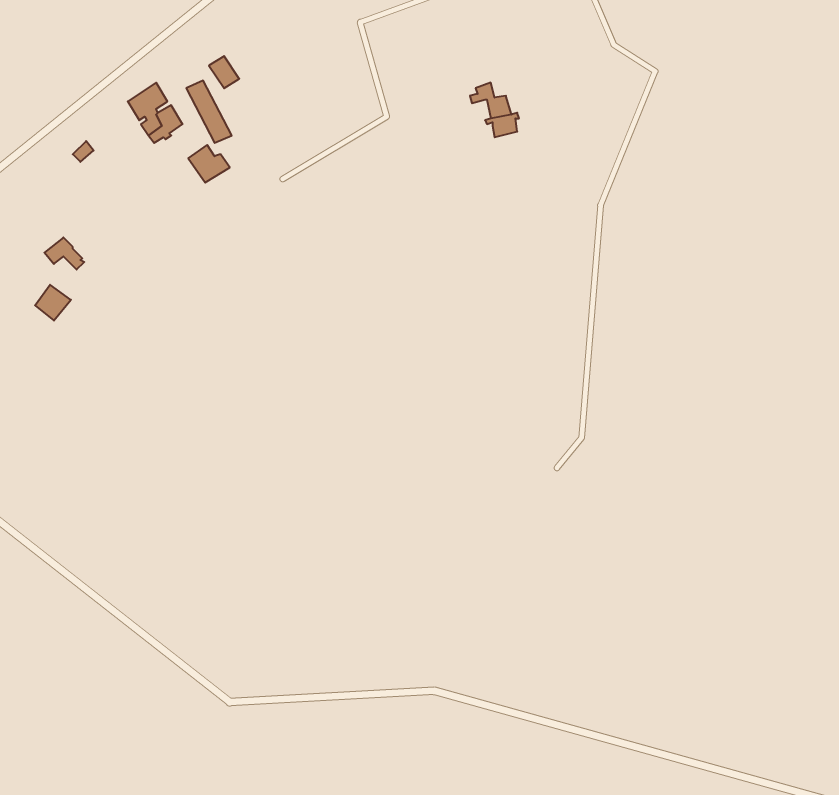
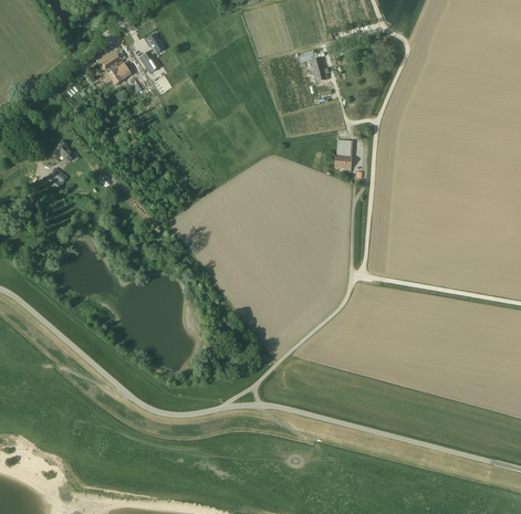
building: none -> [334,139,352,171]

